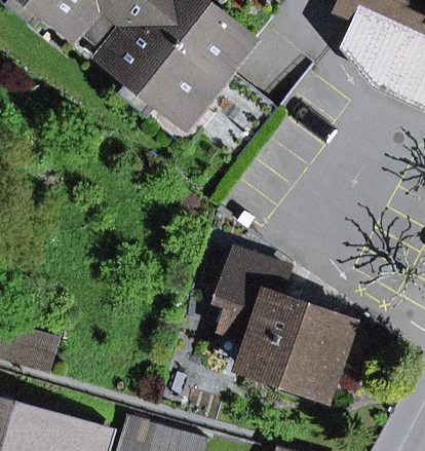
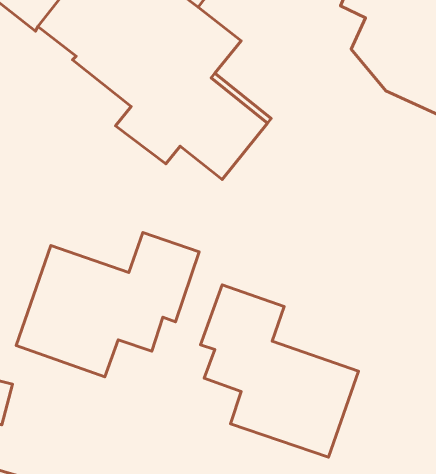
building: none -> [16,232,199,377]

